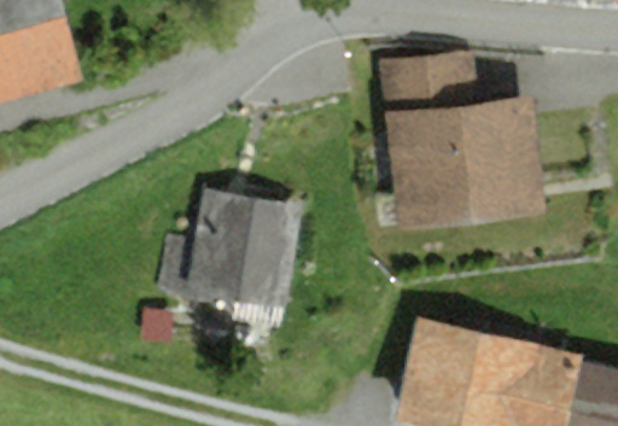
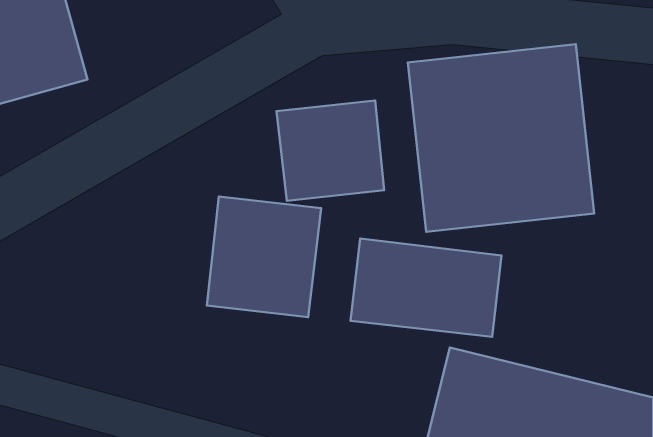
building: none -> [277,101,384,201]
building: none -> [351,239,501,337]

